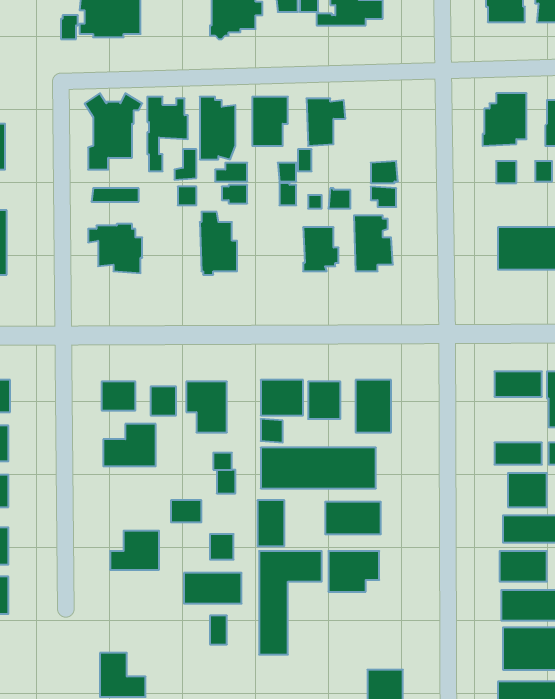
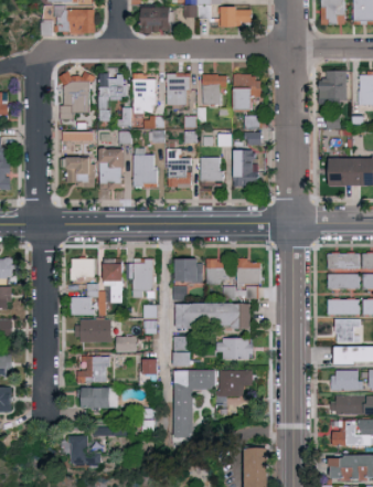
building: none -> [235,74,264,113]
building: none -> [100,149,126,191]
building: none -> [169,150,194,190]
building: none -> [327,273,358,289]
building: none -> [75,320,109,341]
building: [184,573,242,604] -> [78,388,116,407]

